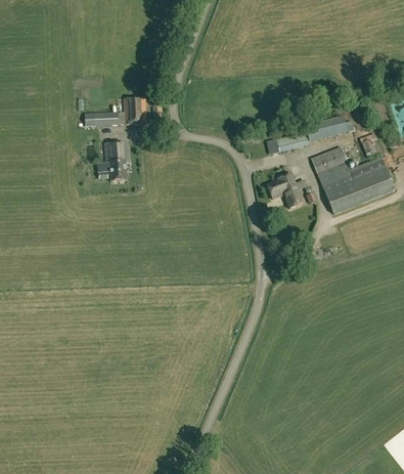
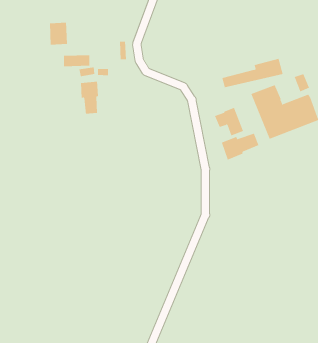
building: [123,96,145,124] -> [49,22,68,45]
building: none -> [221,133,259,160]

